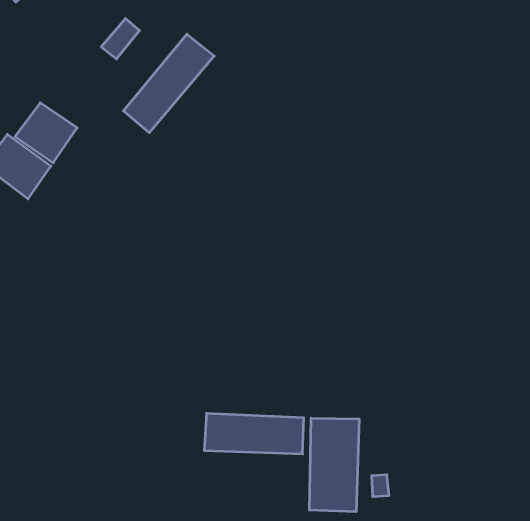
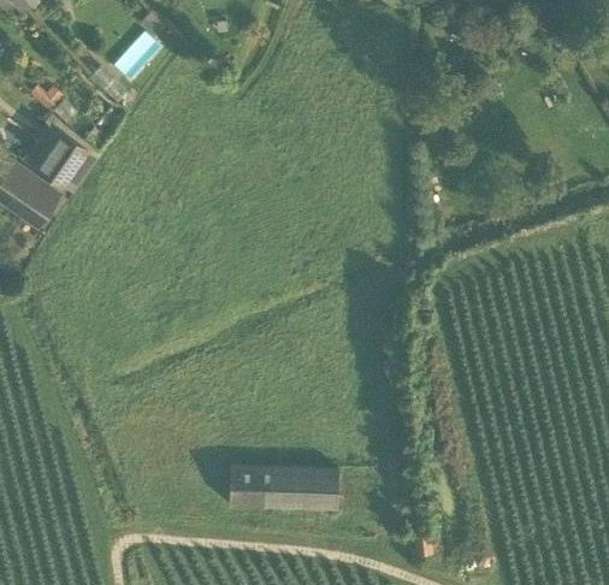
building: [123,34,214,133] -> none
building: [309,418,359,512] -> none

